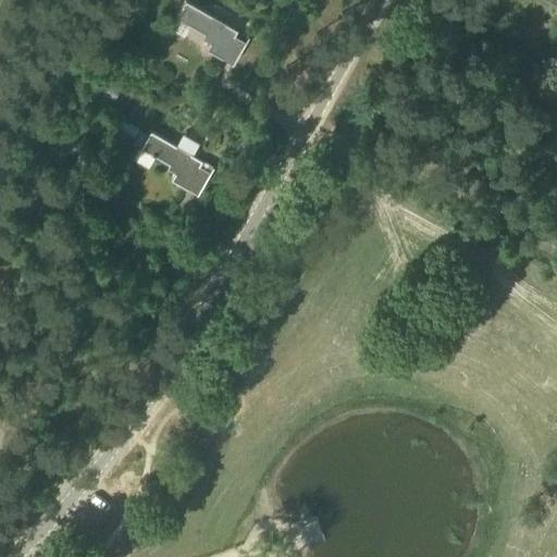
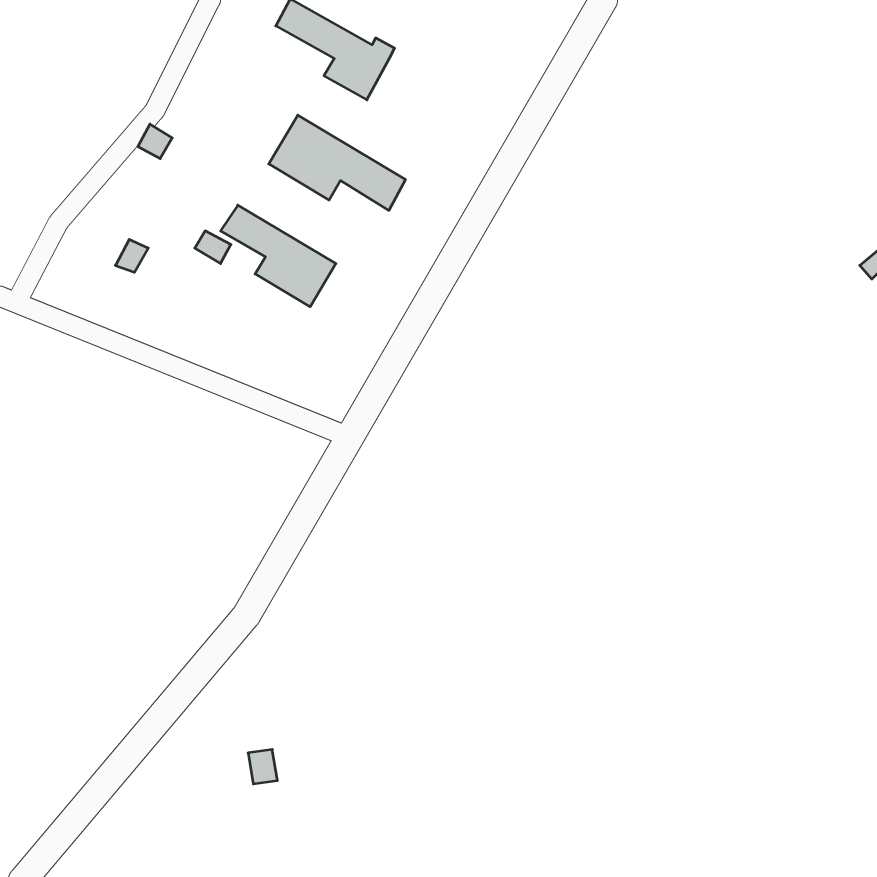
building: none -> [269,115,405,210]

